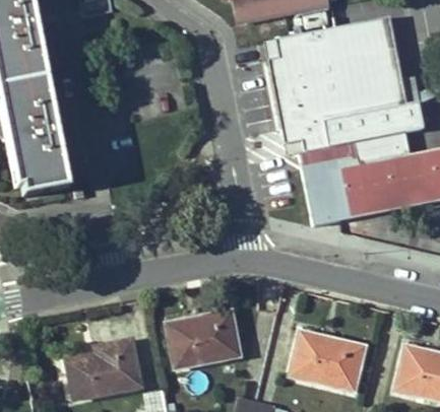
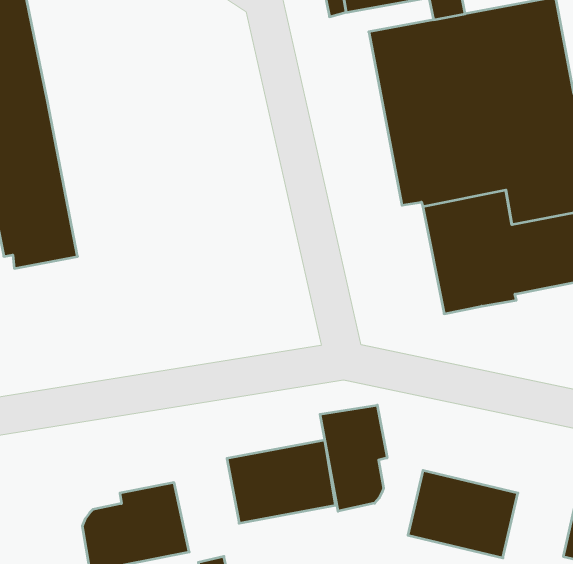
building: none -> [320,405,387,511]

